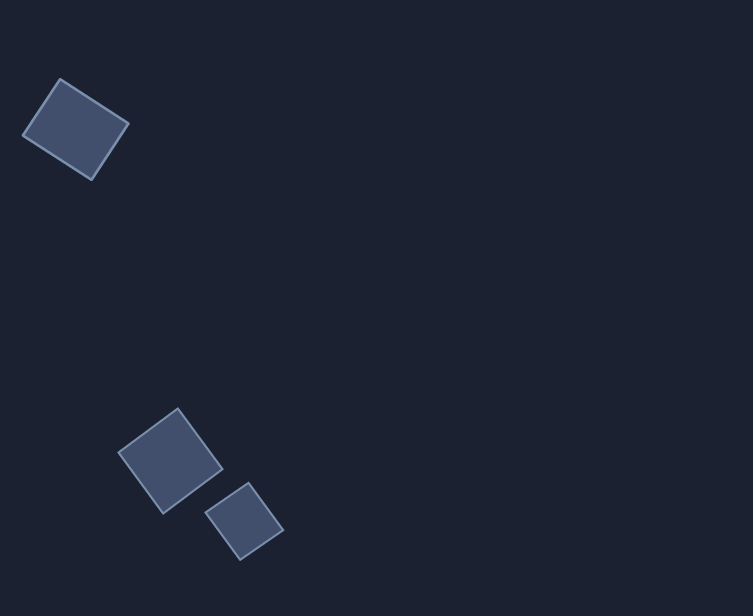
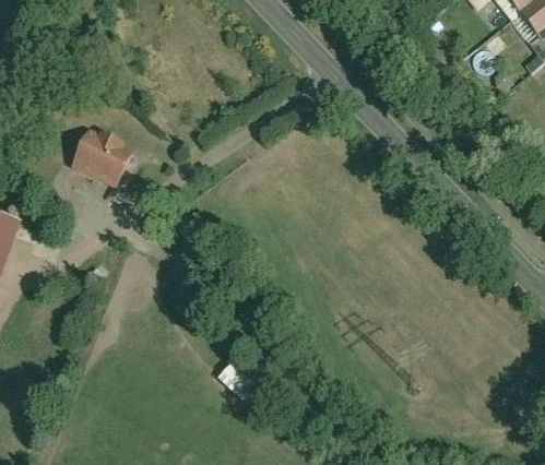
building: [119,408,223,513] -> none

